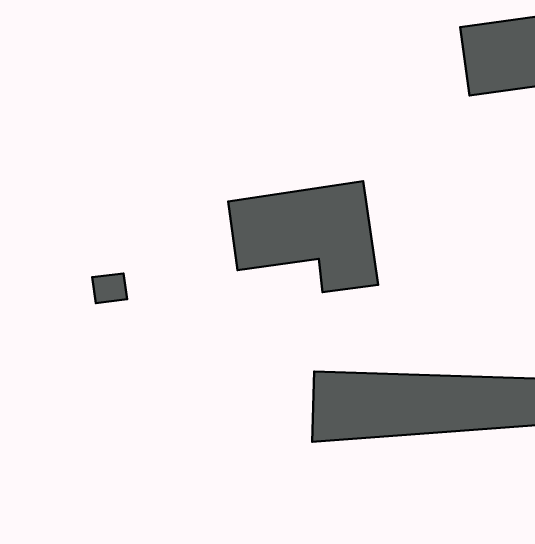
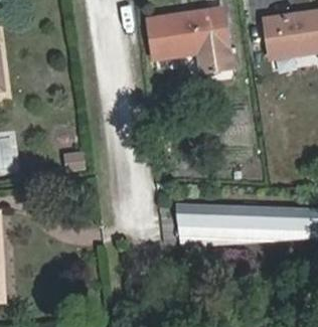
building: [228,181,378,292] -> [149,8,230,68]

